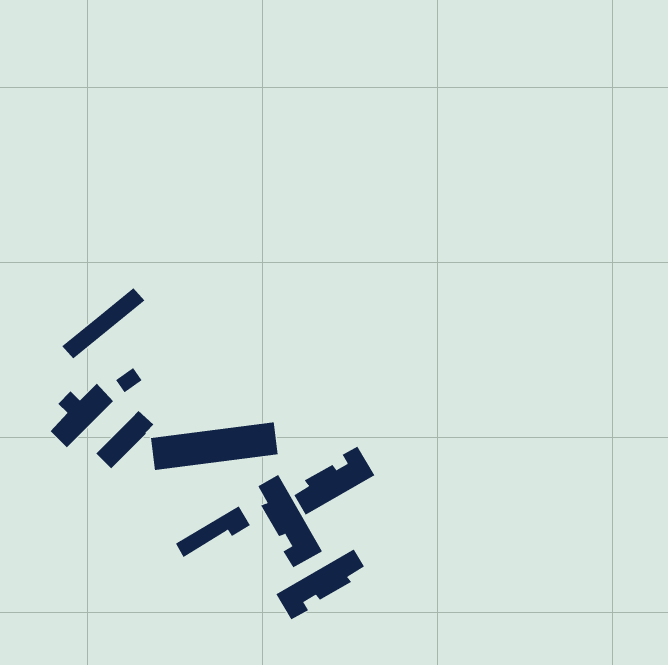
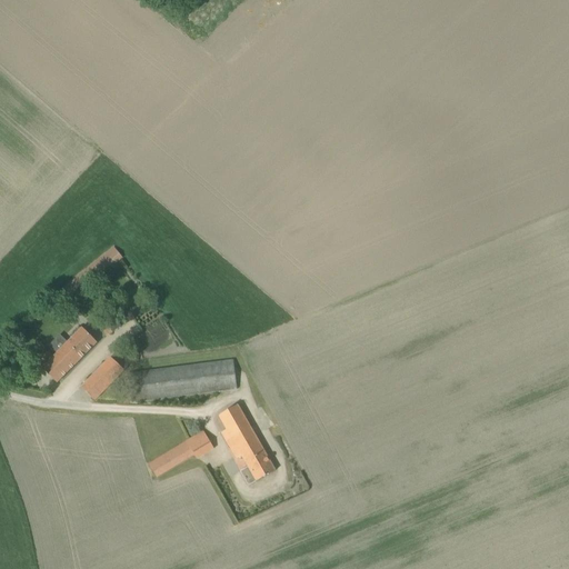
building: [293,446,375,516] -> none
building: [275,549,365,620] -> none

